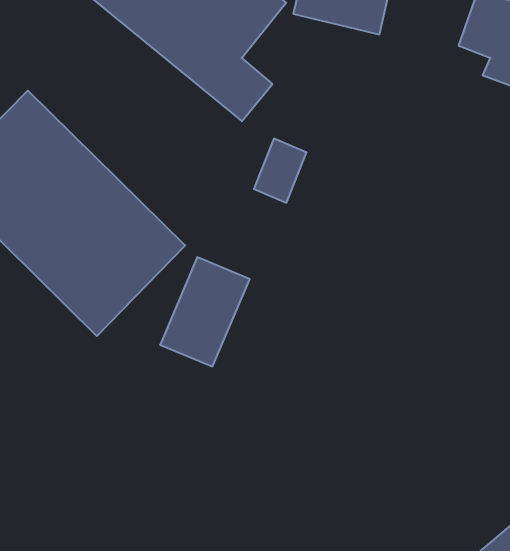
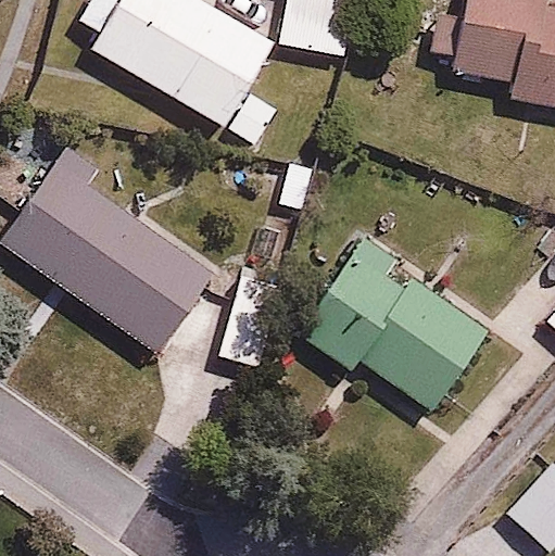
building: none -> [294,237,491,413]

